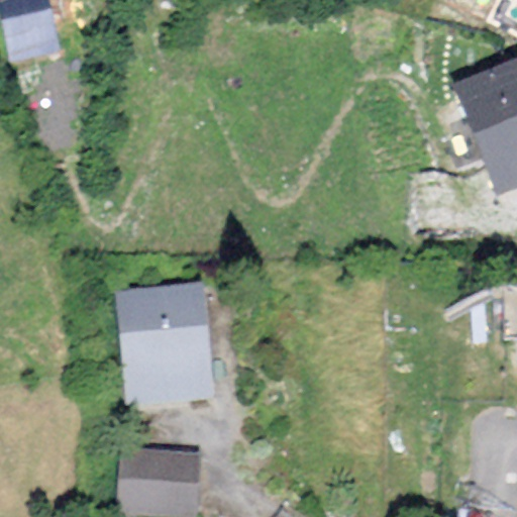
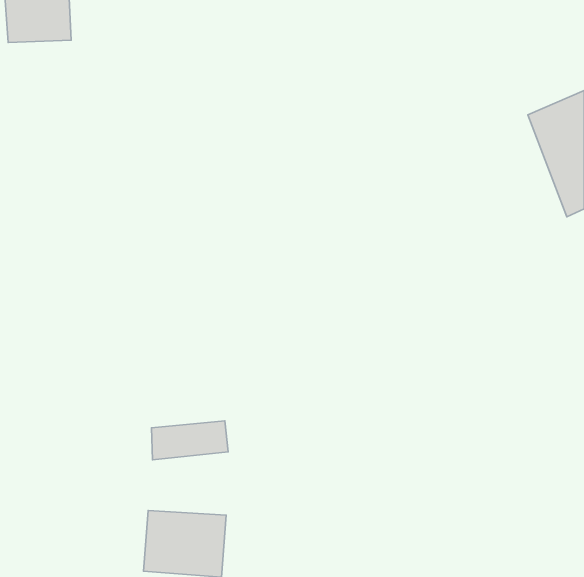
building: [127,301,198,377] -> none

